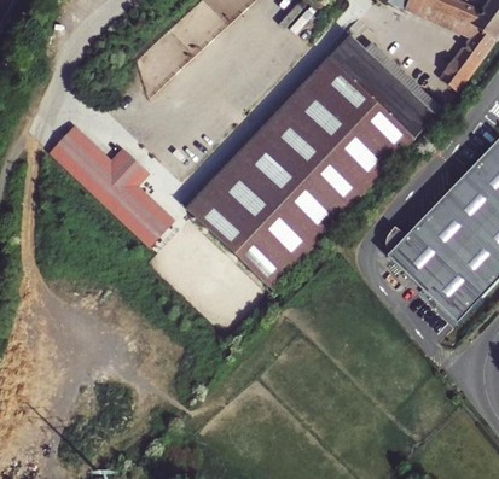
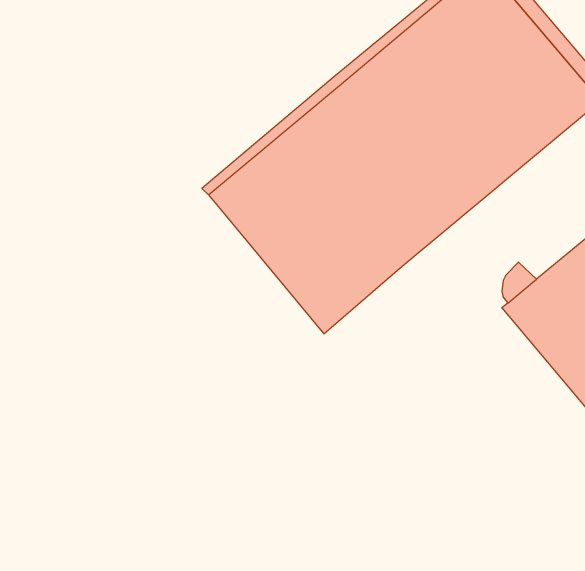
building: [51,127,172,244] -> none

